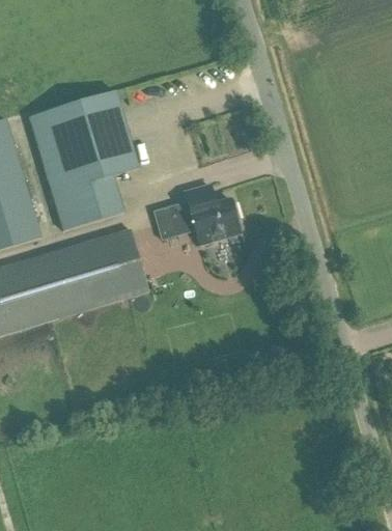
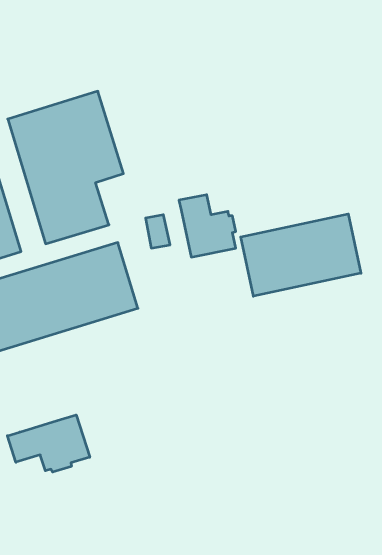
building: none -> [241,214,361,296]
building: none -> [7,415,90,472]

